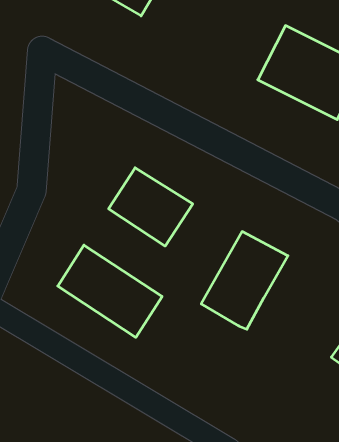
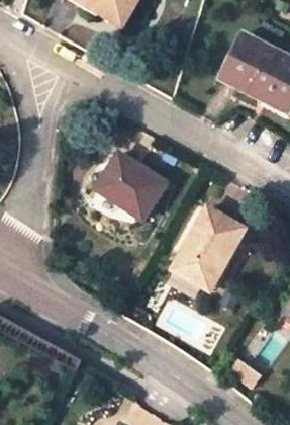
building: [58,245,162,337] -> none

